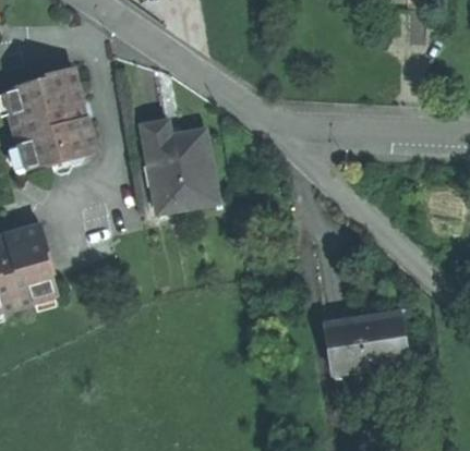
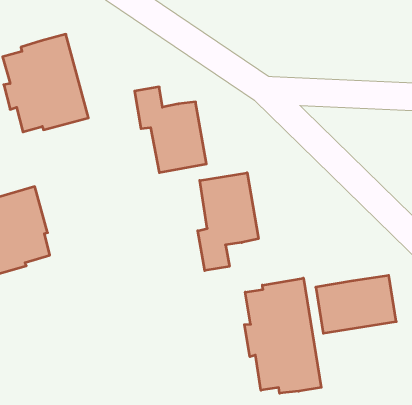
building: none -> [198,173,258,271]
building: none -> [244,278,321,393]

